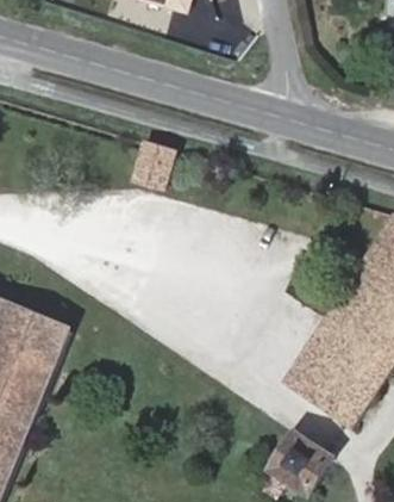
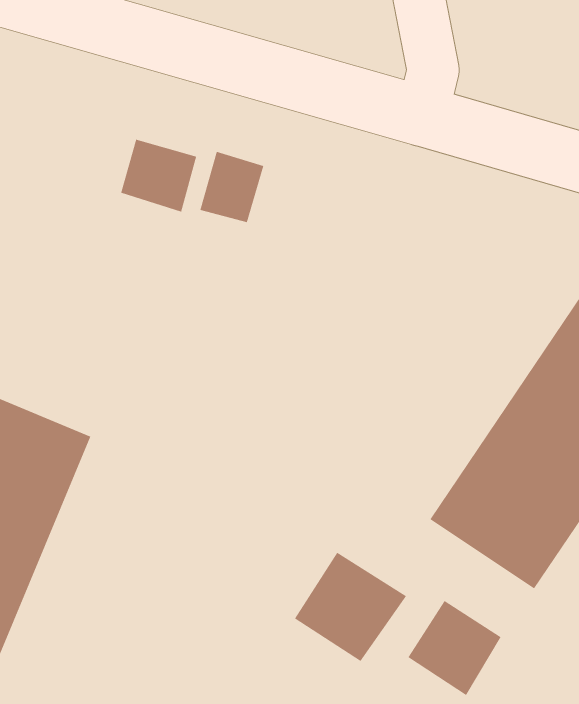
building: none -> [120,139,197,212]
building: none -> [294,552,407,662]

